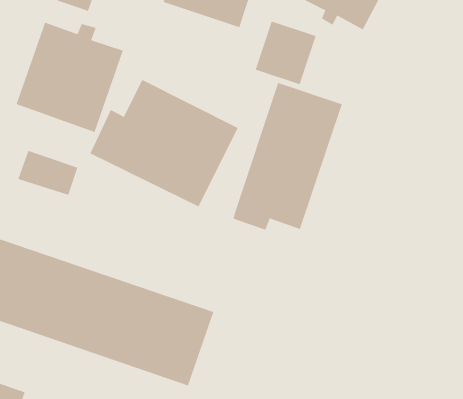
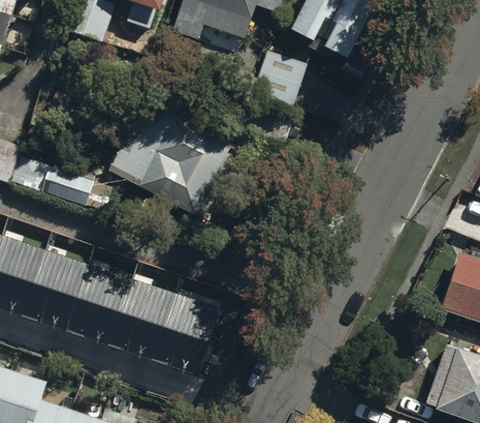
building: [16,22,124,133] -> none
building: [233,82,342,231] -> none

